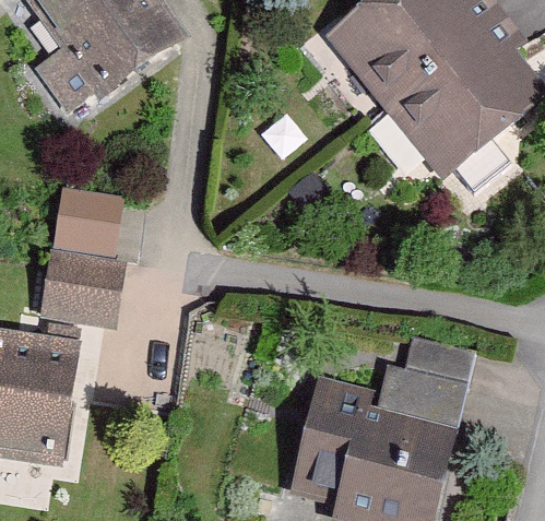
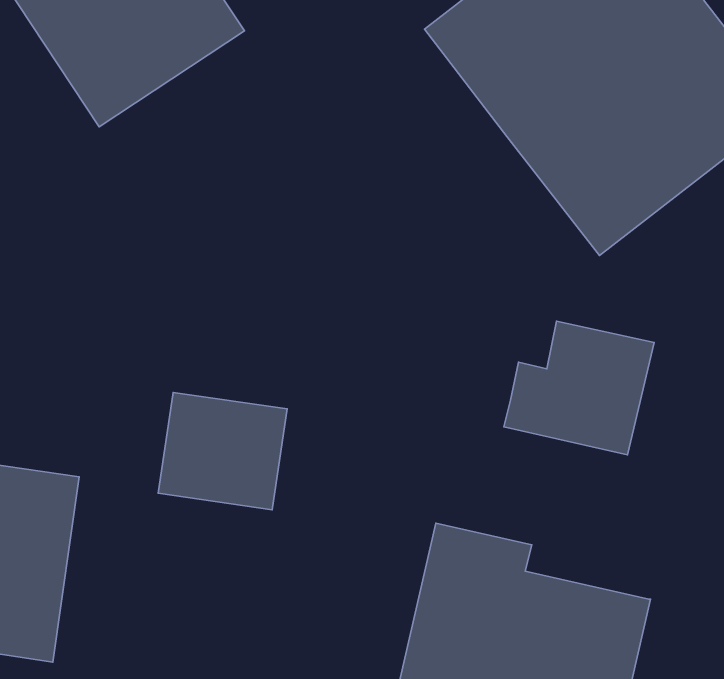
building: [51,185,123,252] -> none
building: [40,248,126,325] -> [158,392,287,510]
building: [376,333,475,422] -> [504,321,654,455]

